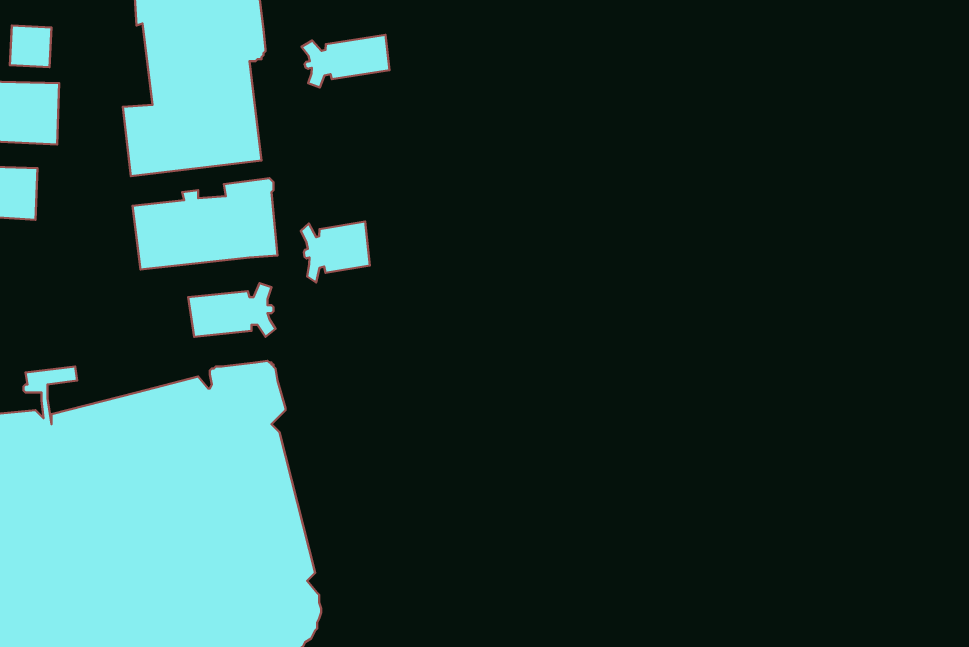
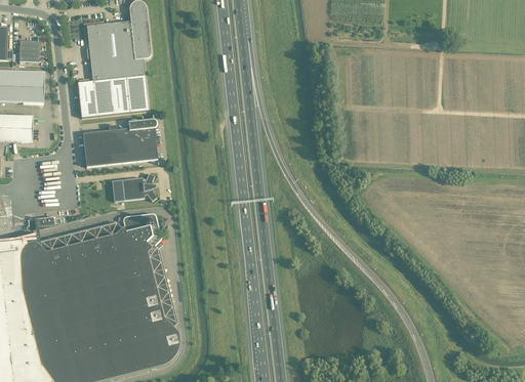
building: [302,35,390,88] -> none
building: [301,221,370,283] -> none

